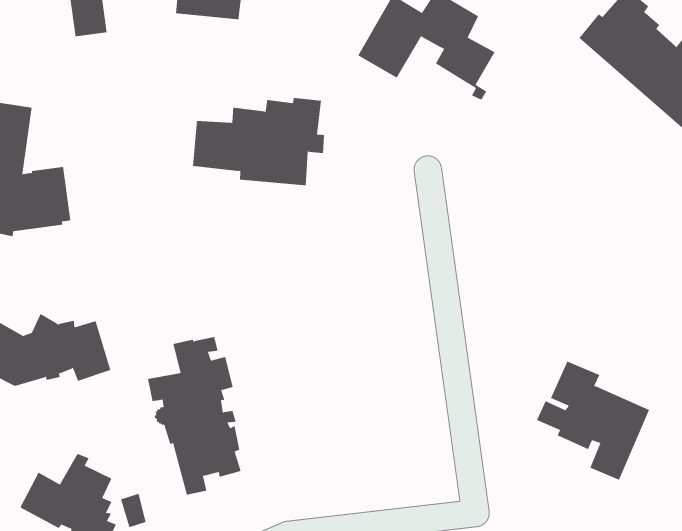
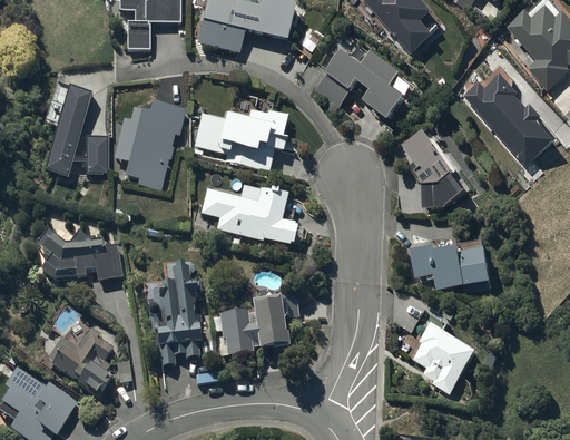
building: none -> [403,129,464,206]
building: none -> [112,99,186,189]
building: none -> [199,187,297,243]
building: none -> [412,242,491,293]
building: none -> [212,294,298,354]

